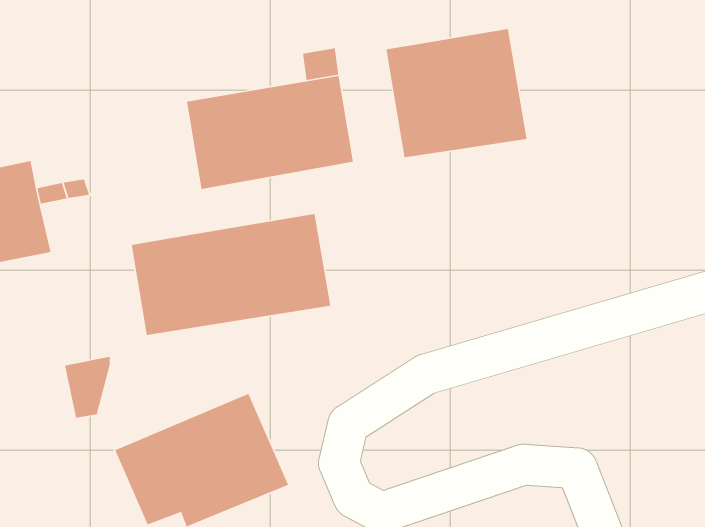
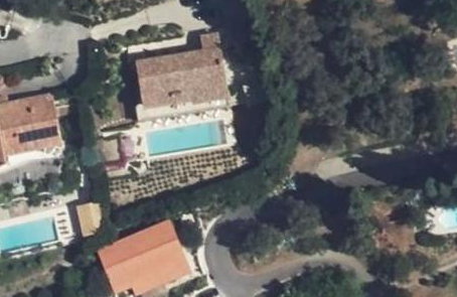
building: [386,28,527,158] -> none
building: [131,213,331,336] -> none

